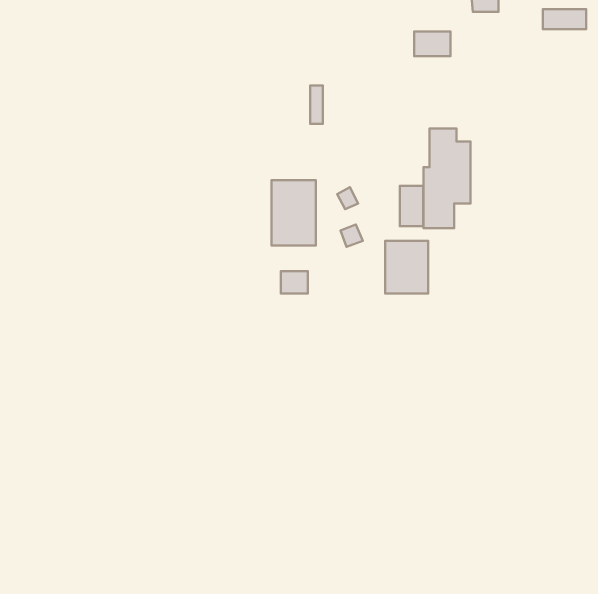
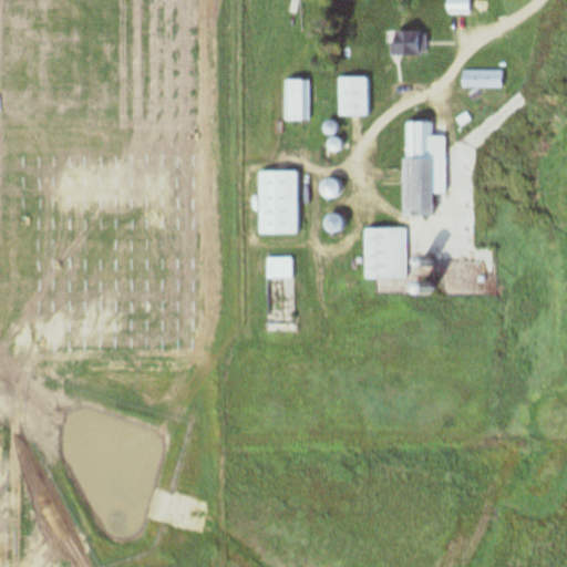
building: [543,9,586,29] -> [462,68,503,86]
building: none -> [339,76,370,114]
building: [400,186,423,226] -> none

